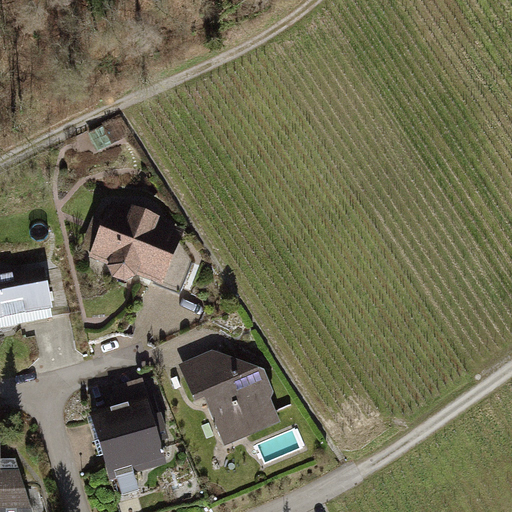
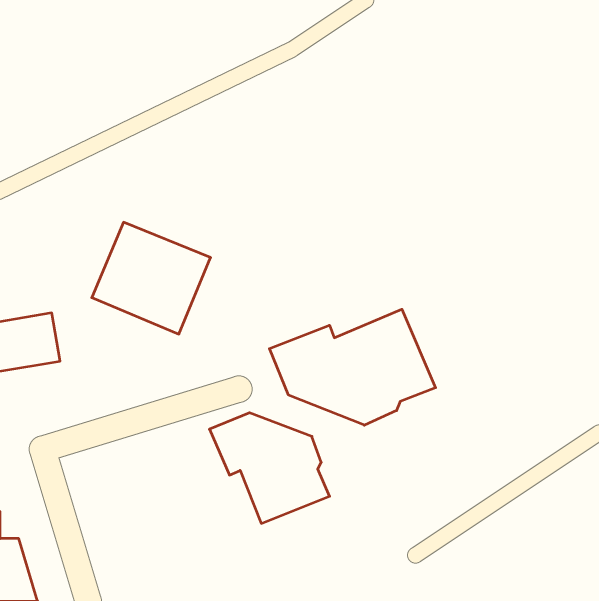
building: none -> [269,309,436,425]
building: [98,404,163,478] -> none

